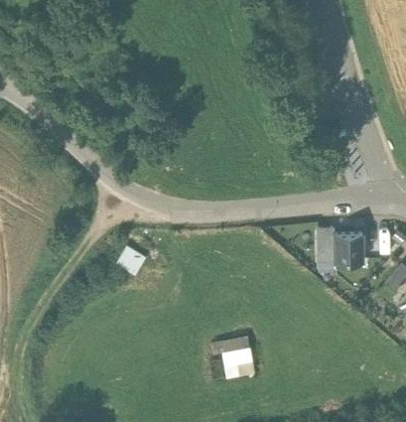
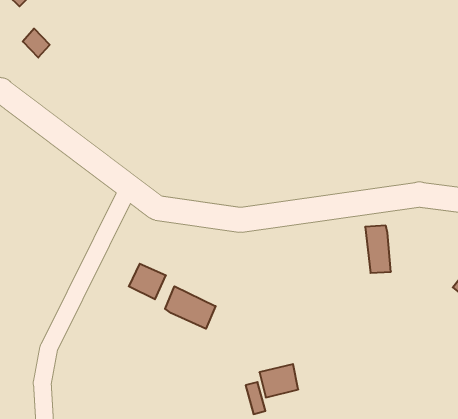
building: [333,232,365,265] -> none
building: none -> [165,286,216,329]

